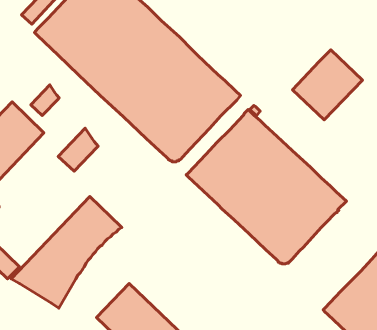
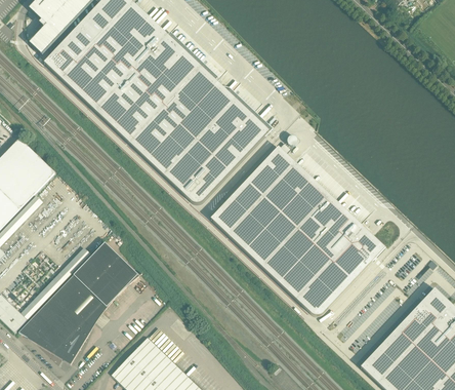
building: [292,50,362,120] -> none
building: [31,85,59,115] -> none
building: [58,128,98,171] -> none

